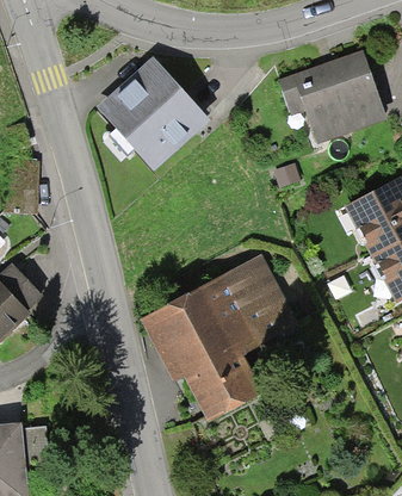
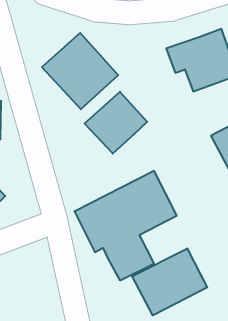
building: none -> [85,92,147,154]
building: none -> [132,248,207,315]

